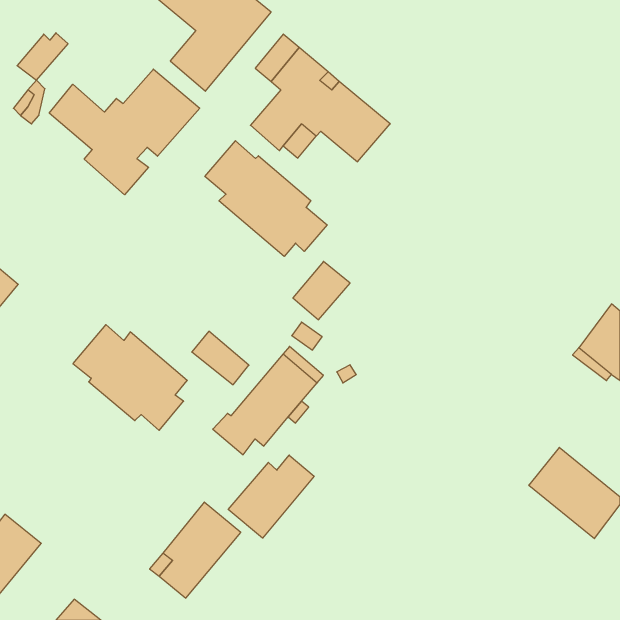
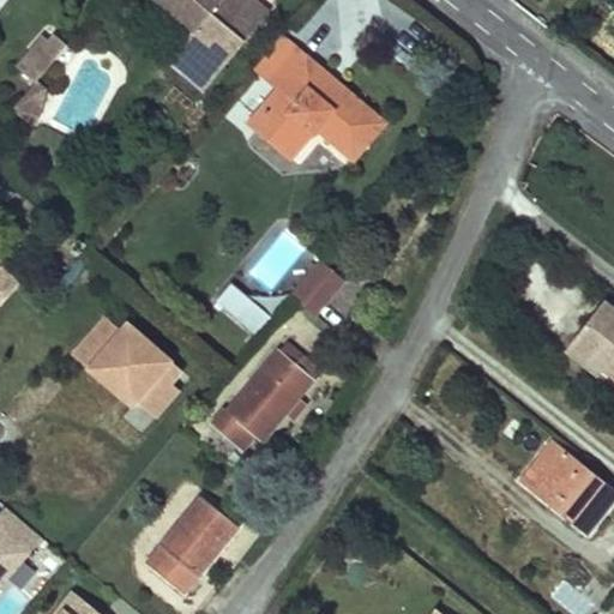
building: [49,69,200,195] -> none
building: [205,141,327,256] -> none
building: [192,331,249,385] -> [215,285,271,338]
building: [228,455,314,538] -> none

